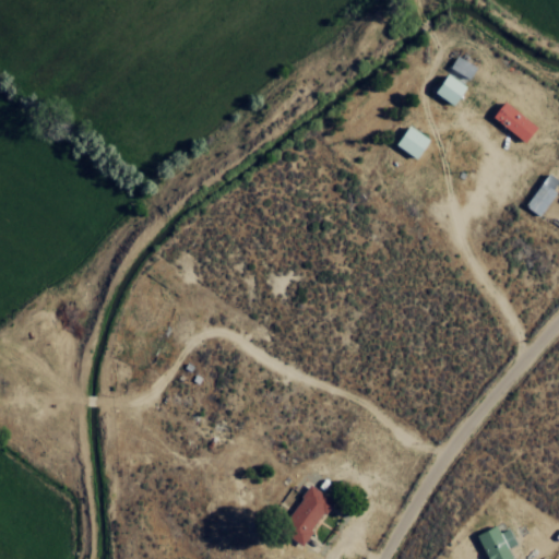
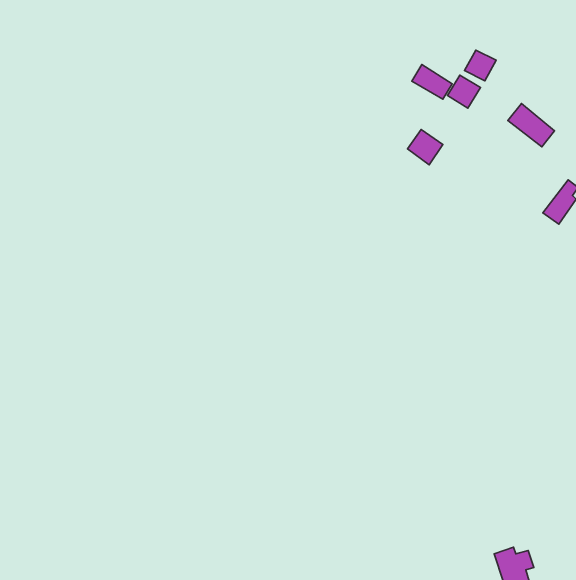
building: none -> [412,64,452,99]
building: [281,486,334,546] -> none

